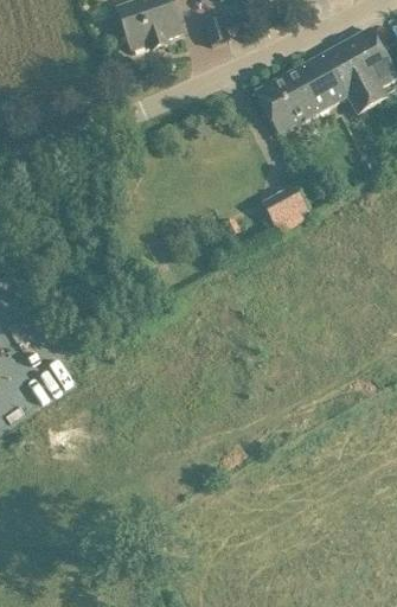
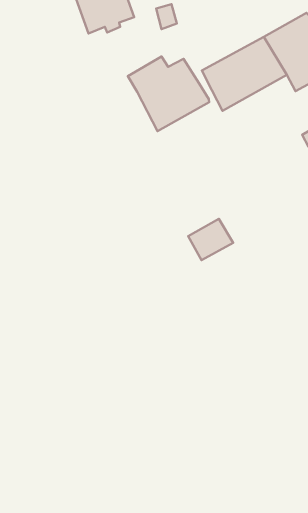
building: none -> [128,57,209,131]
building: [263,183,312,228] -> [188,219,233,260]

